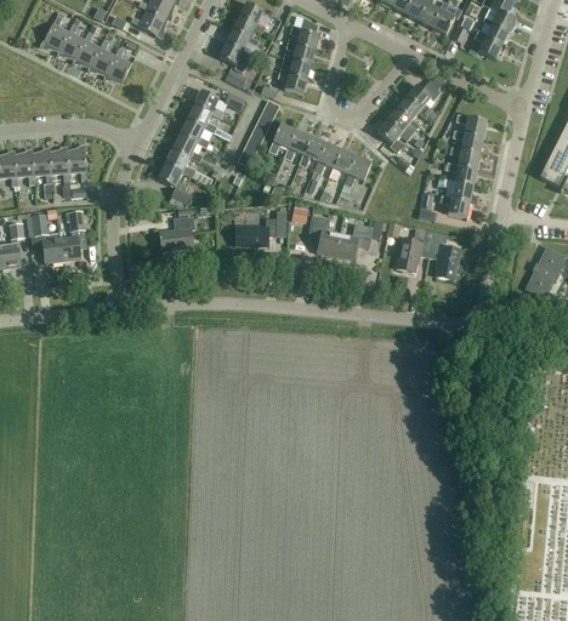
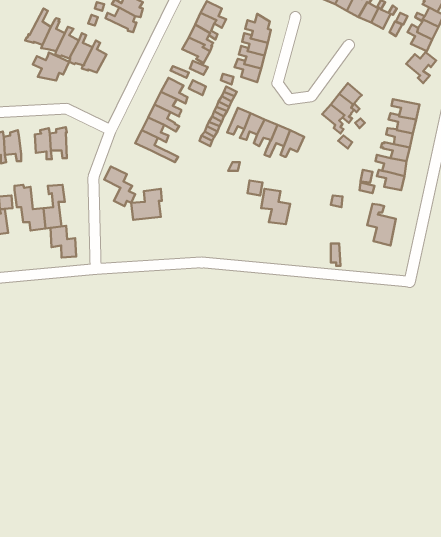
building: none -> [33,53,69,80]
building: [405,82,439,118] -> [406,52,436,83]
building: [32,148,52,194] -> none
building: [339,156,371,200] -> none
building: [157,164,192,209] -> [104,167,135,206]
building: [234,211,285,246] -> none
building: [335,221,386,260] -> none
building: [396,229,433,272] -> none
building: none -> [51,226,76,258]

